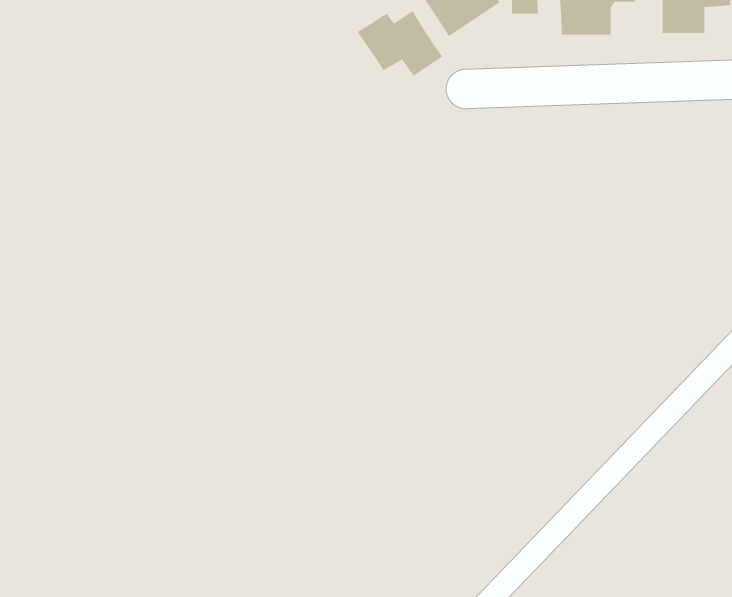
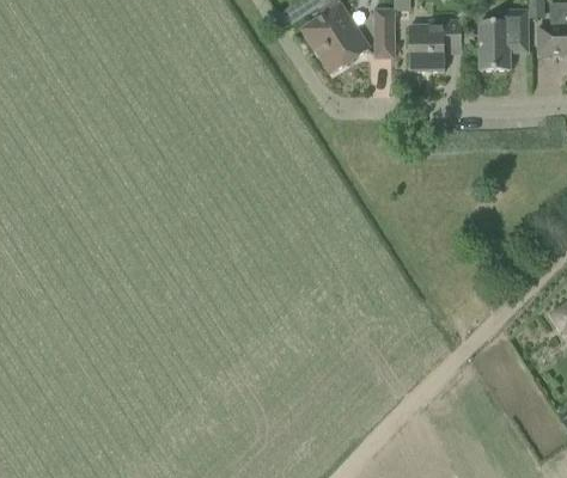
building: [357,10,443,77] -> none

